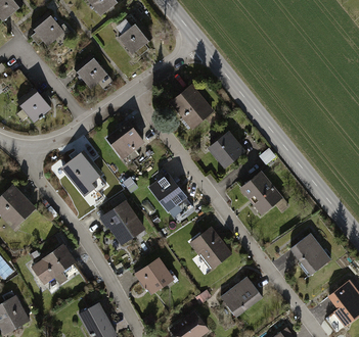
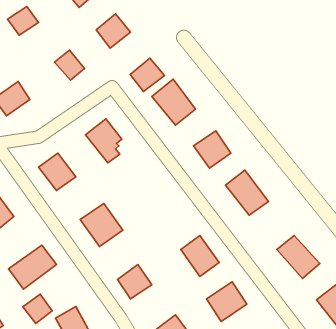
building: none -> [130,58,164,91]
building: [147,172,186,210] -> none
building: none -> [23,294,52,324]

